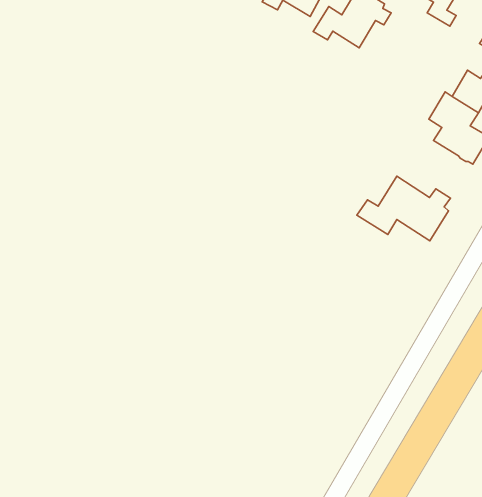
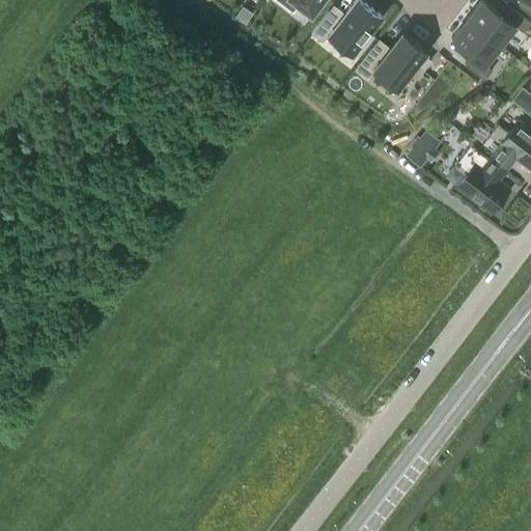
building: none -> [408,131,442,167]
building: [357,176,450,241] -> none

